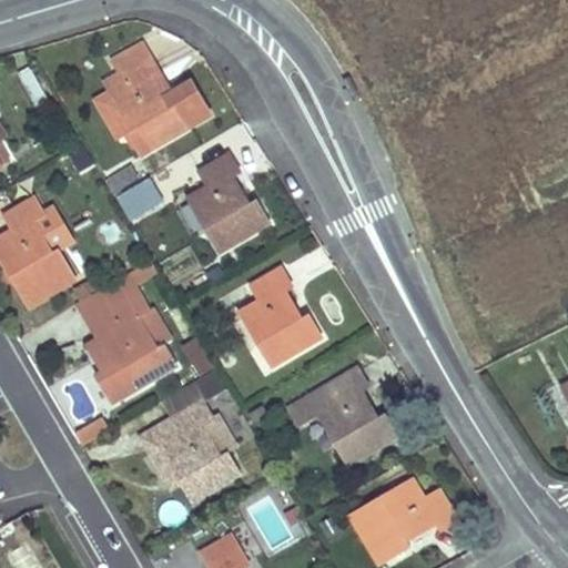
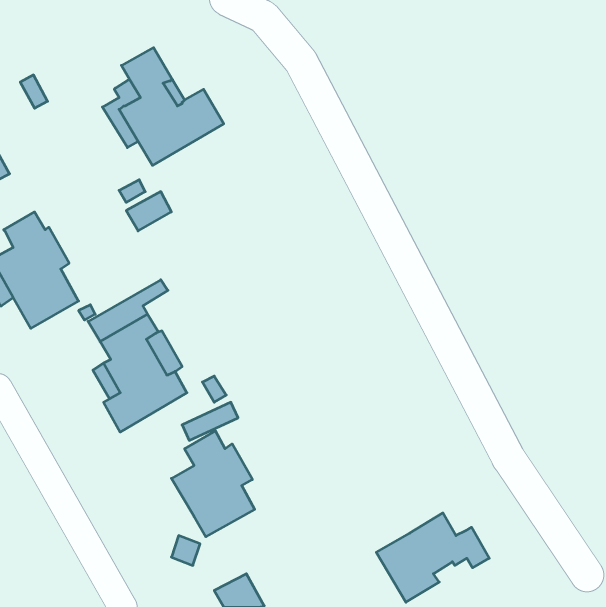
building: [189,156,267,252] -> none
building: [242,268,320,366] -> none
building: [290,367,396,463] -> none

